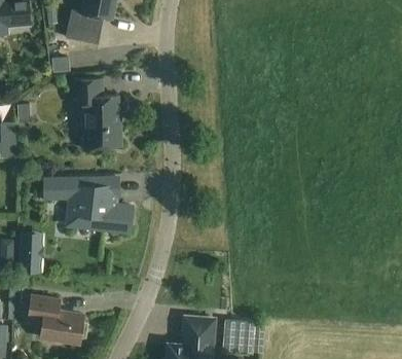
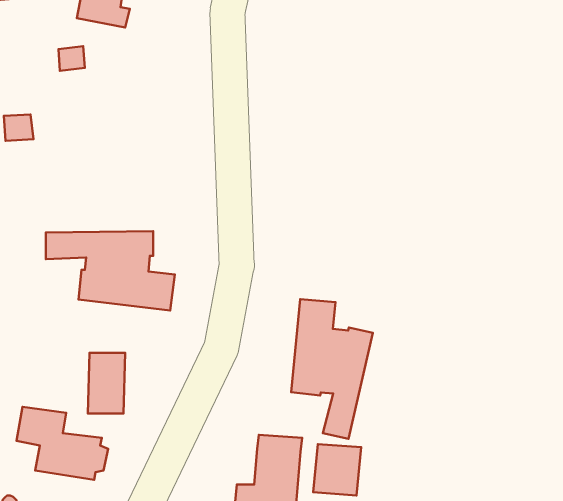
building: [72,79,121,147] -> none
building: none -> [291,299,373,439]
building: [20,231,44,272] -> [88,353,125,413]

